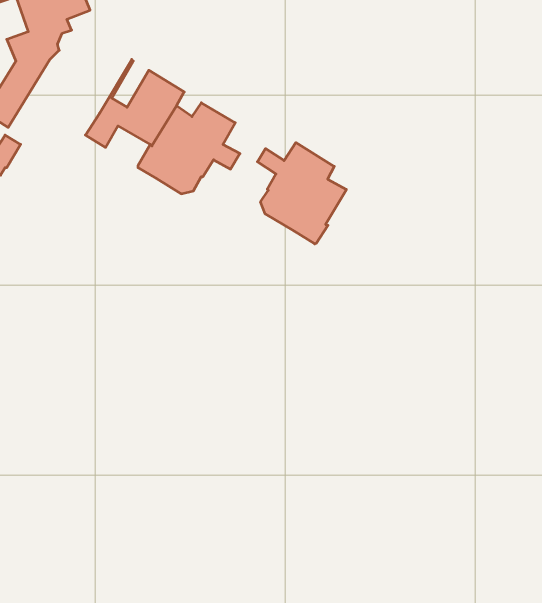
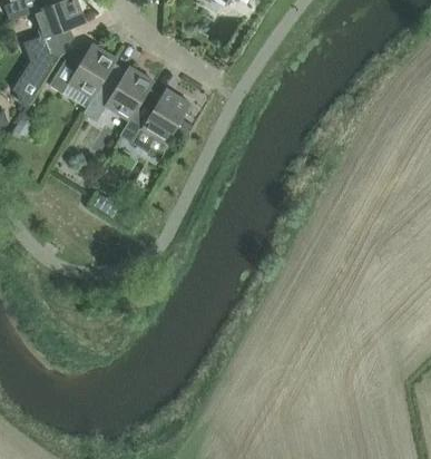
building: none -> [48,43,115,97]
building: [257,143,346,244] -> none

